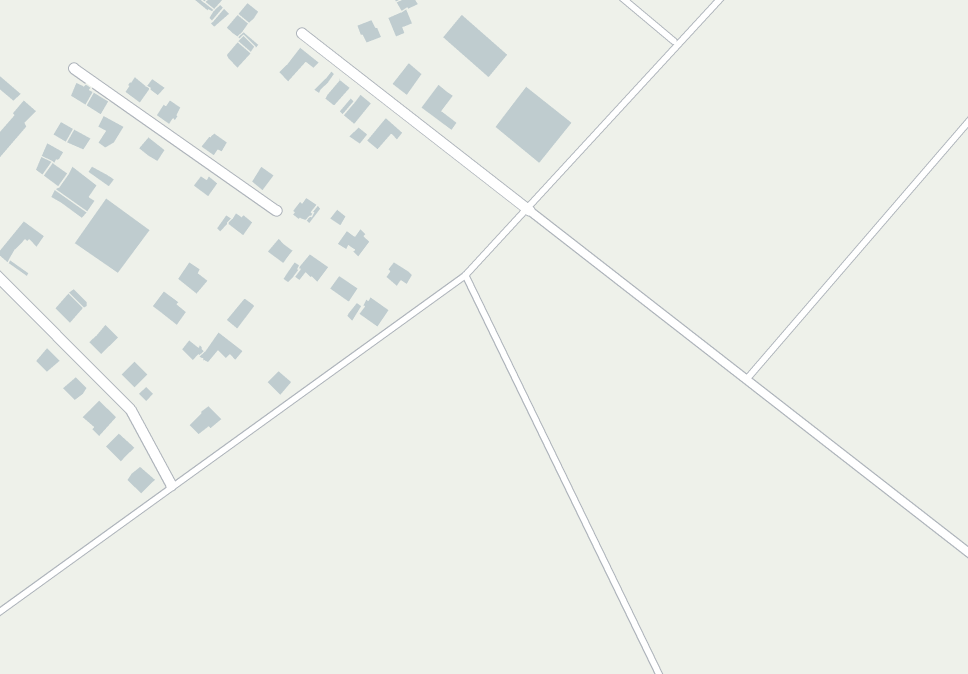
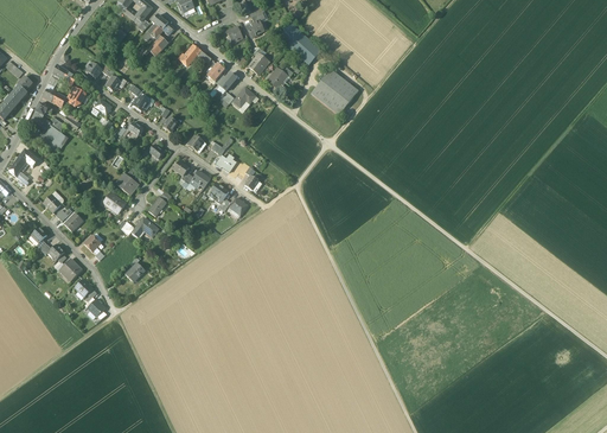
building: [74,198,151,274] -> none

